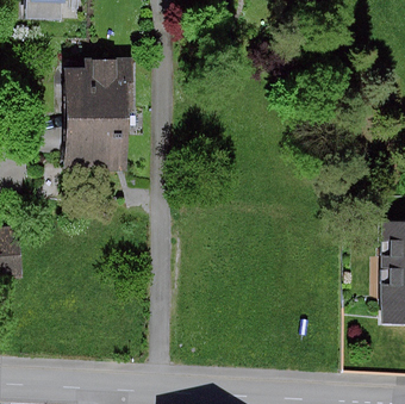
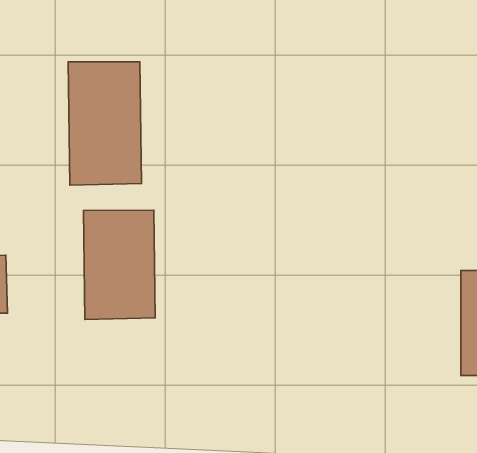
building: none -> [83,210,155,320]

